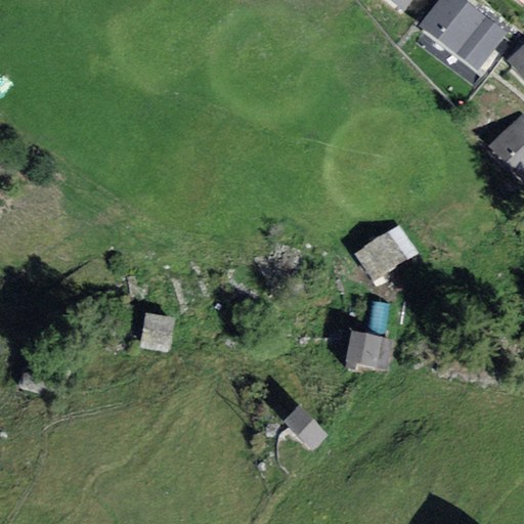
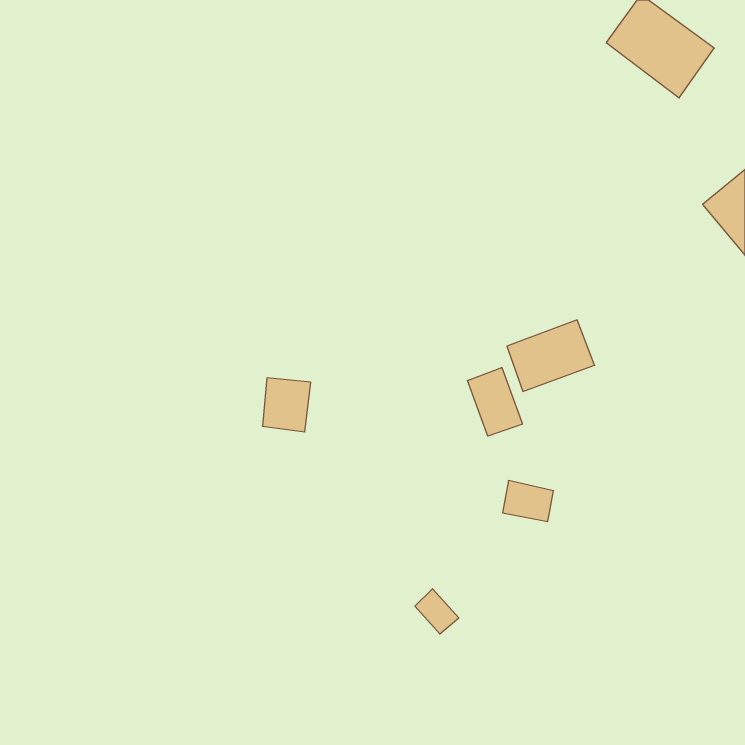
building: none -> [468,367,523,436]
building: [141,311,175,349] -> [262,378,311,432]

